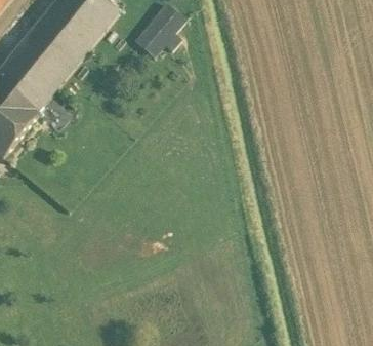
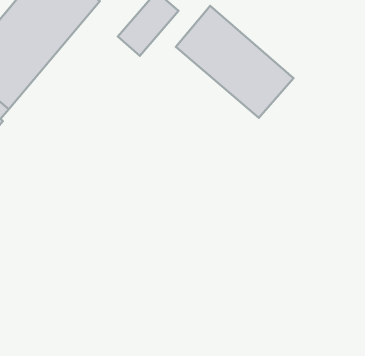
building: none -> [176,6,293,118]

